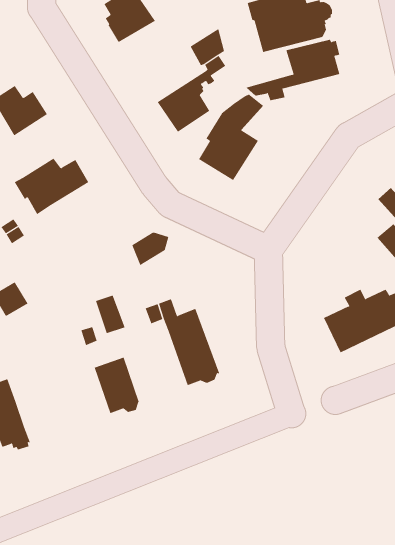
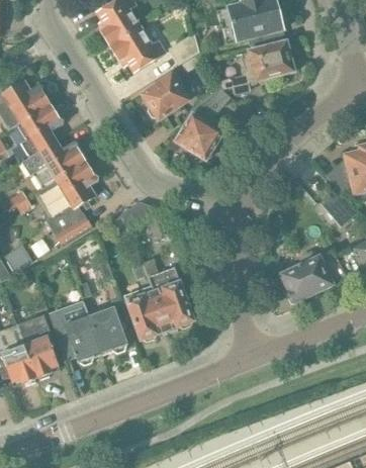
building: none -> [108,25,164,71]
building: none -> [18,103,62,156]
building: none -> [36,160,96,244]
building: none -> [123,284,166,341]
building: none -> [49,300,101,364]
building: none -> [16,313,58,377]

